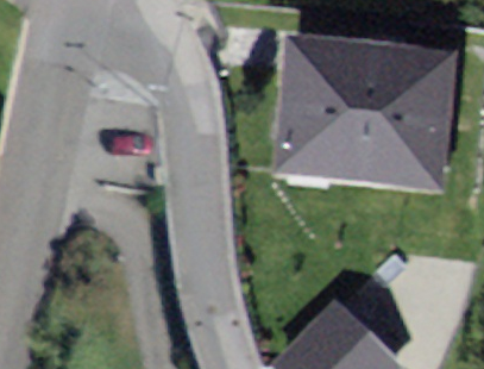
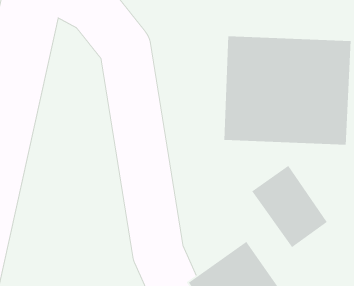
building: none -> [251,165,328,248]

